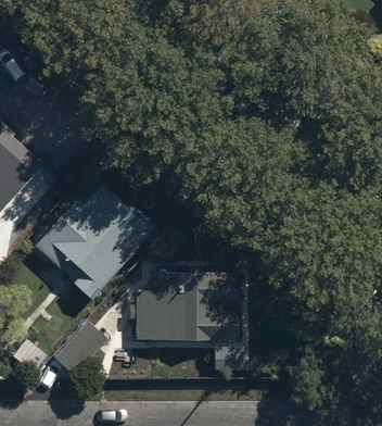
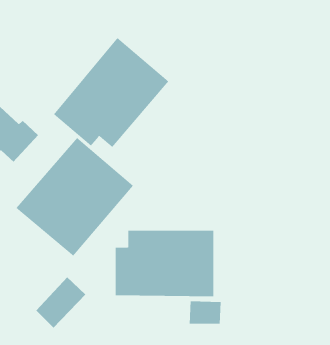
building: none -> [53,37,169,148]

